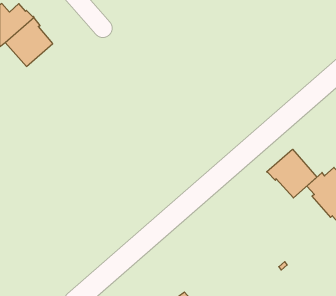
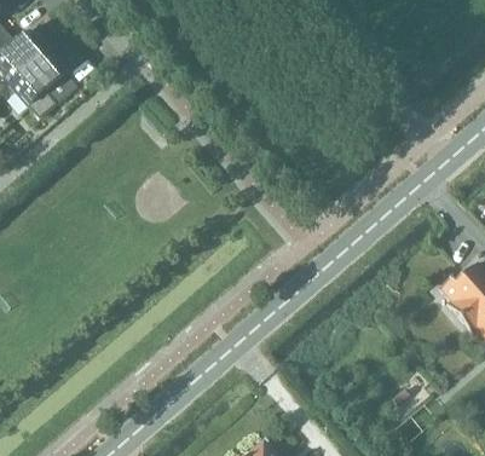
building: [267,149,317,198] -> none

